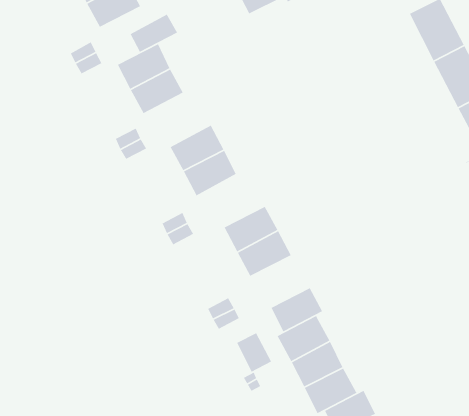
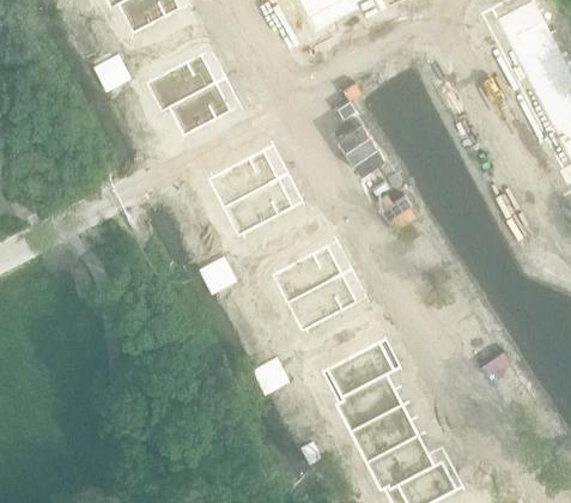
building: [129,13,178,53] -> none
building: [236,332,272,373] -> none

